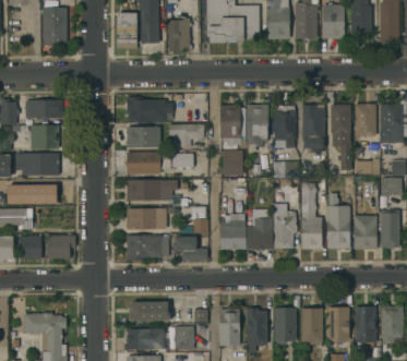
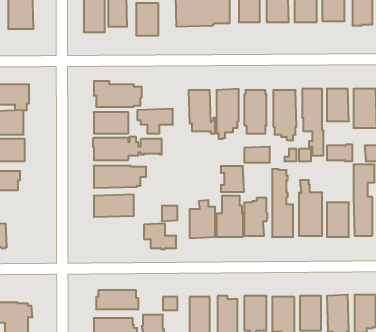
building: [220,151,243,176] -> [221,166,244,192]
building: [127,236,168,262] -> none
building: [47,237,75,260] -> none

